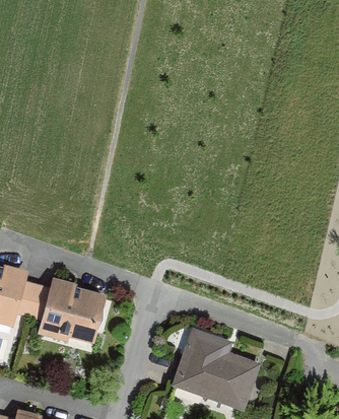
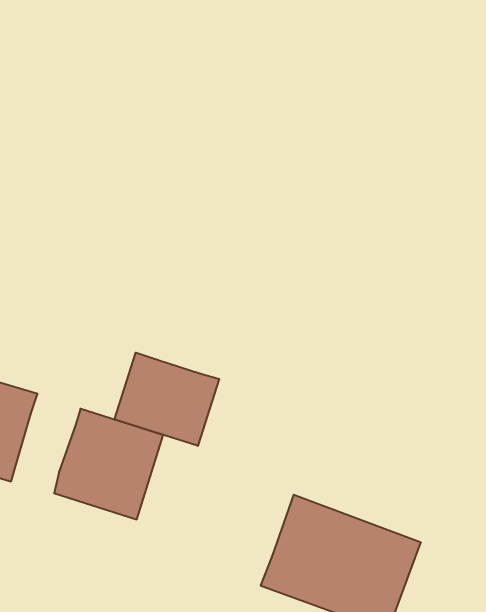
building: none -> [114,353,219,446]
building: [18,283,54,319] -> none

